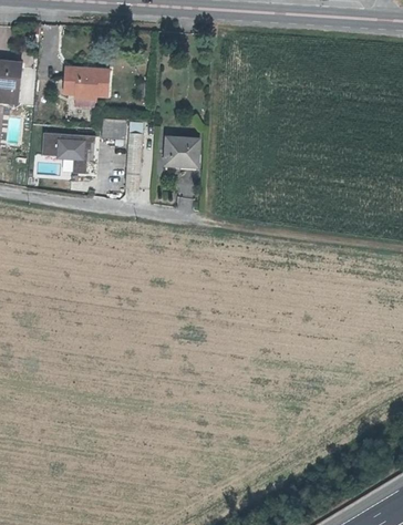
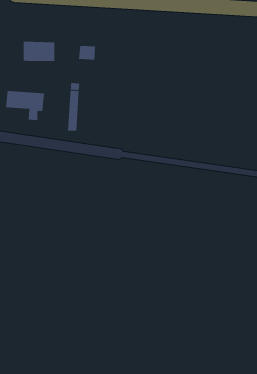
building: [102,119,126,138] -> [78,45,96,60]
building: [165,138,199,166] -> none

